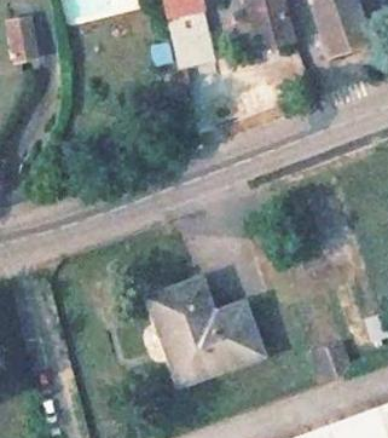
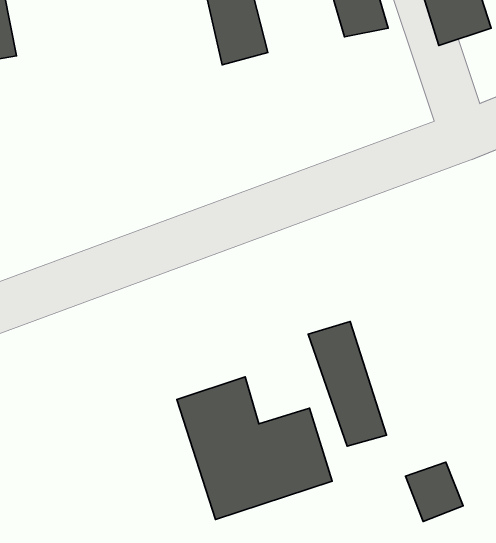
building: none -> [308,322,386,446]

